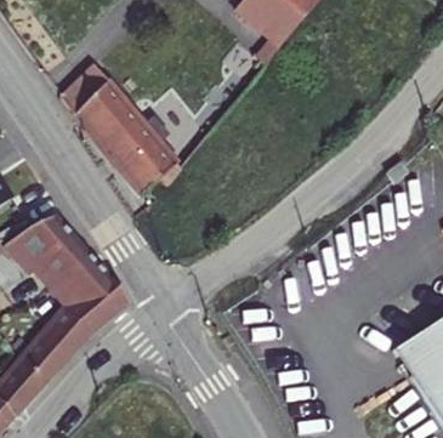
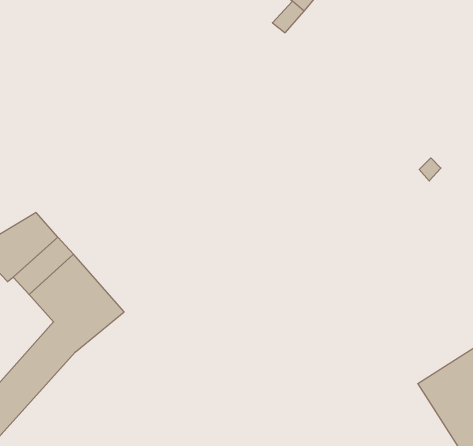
building: [61,62,181,192] -> none

